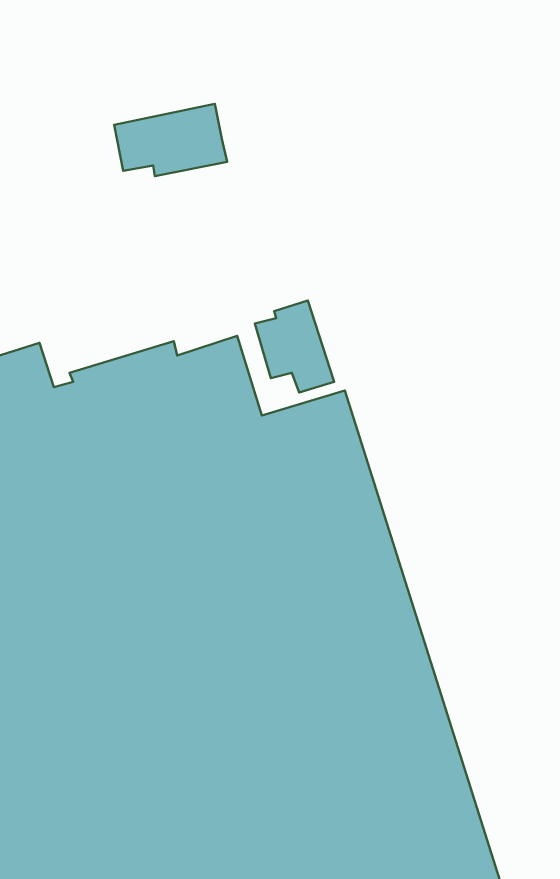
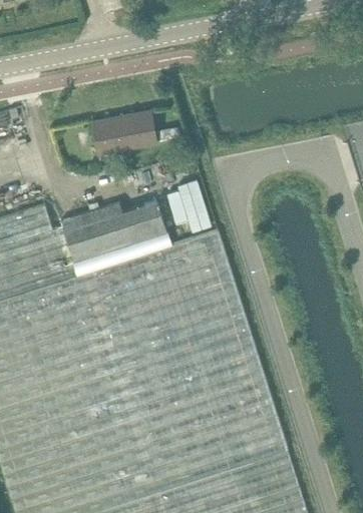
building: [114,104,227,176] -> [93,110,157,151]

